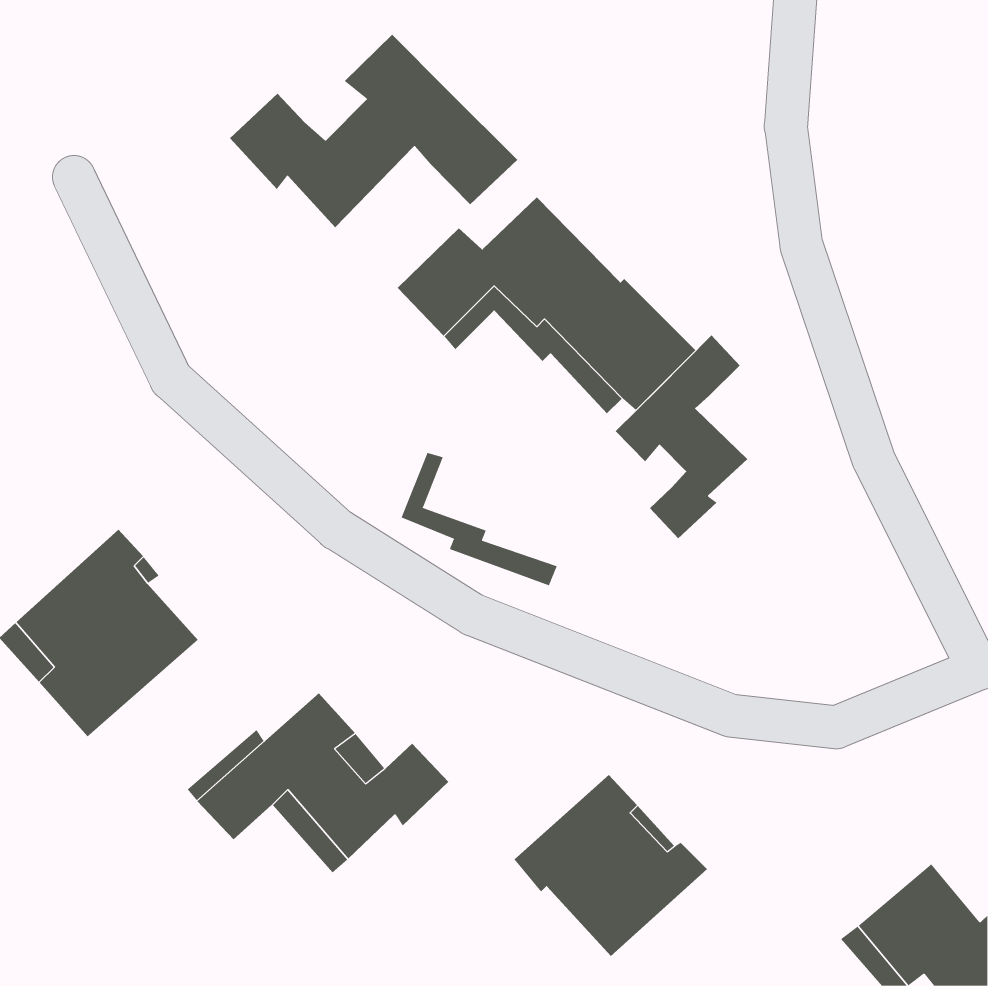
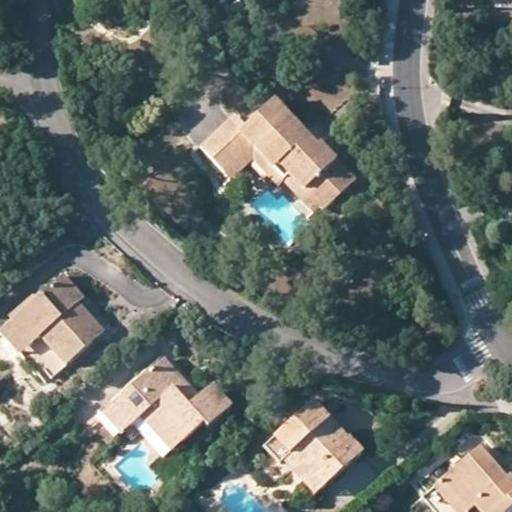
building: [229,34,518,228] -> none
building: [615,335,748,539] -> none
building: [401,452,557,586] -> none

